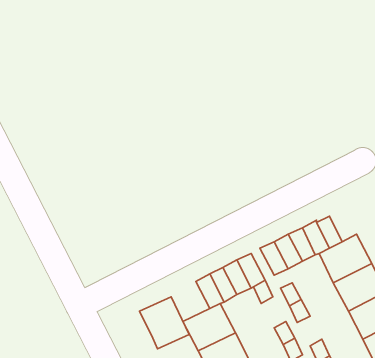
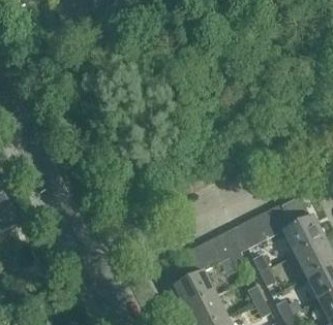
building: [139,297,189,349] -> none

